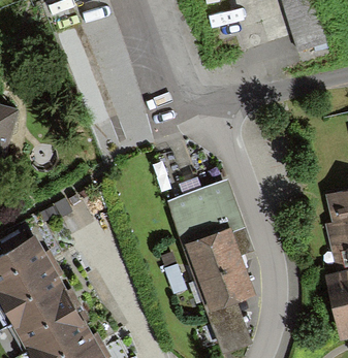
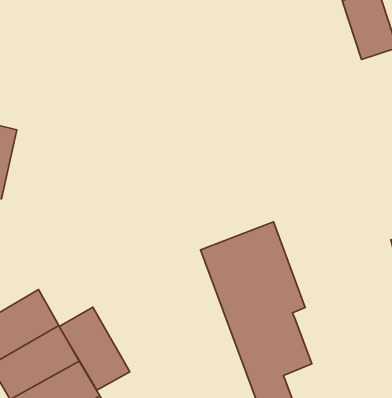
building: none -> [59,307,130,390]

